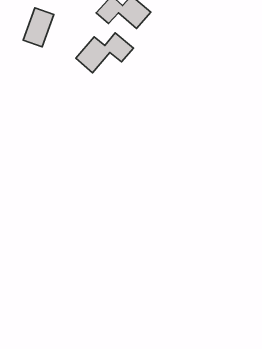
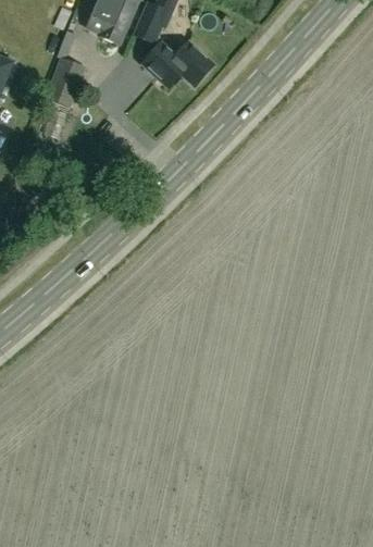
building: [76,33,133,73] -> none

